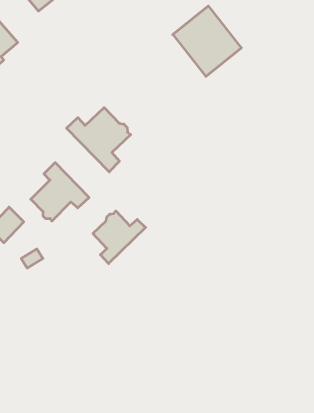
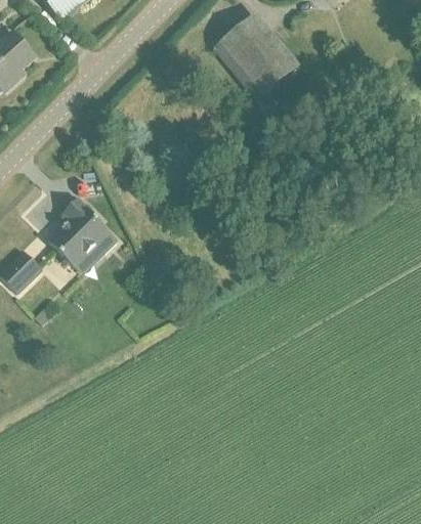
building: [67,108,131,172] -> none
building: [93,211,146,264] -> none

